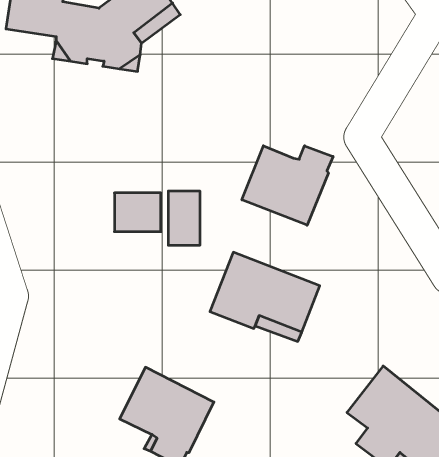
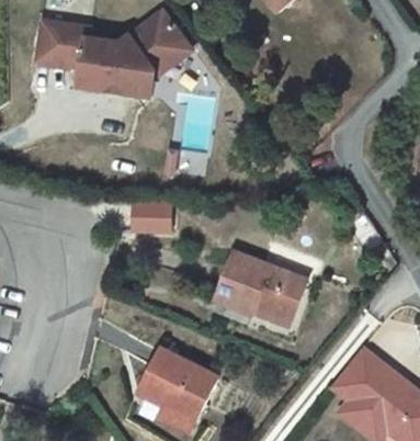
building: [242,146,333,225] -> none
building: [168,191,200,245] -> none

